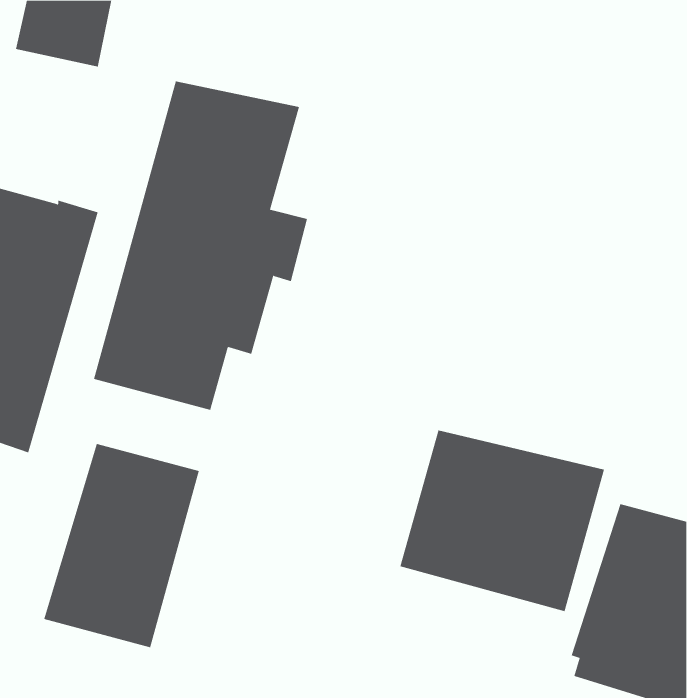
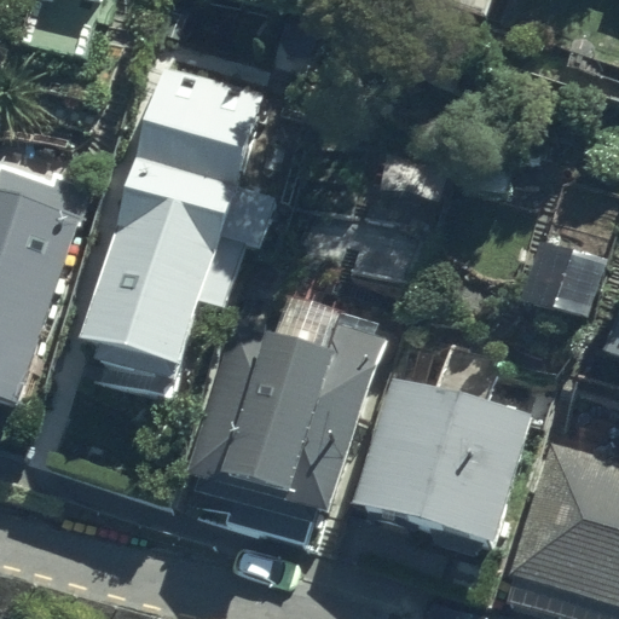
building: none -> [183,290,383,519]
building: [43,443,199,648] -> none

